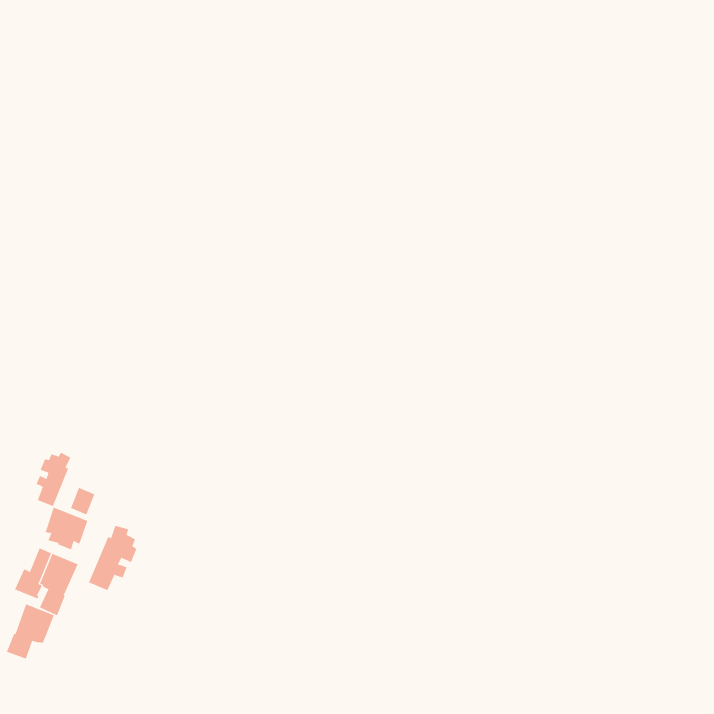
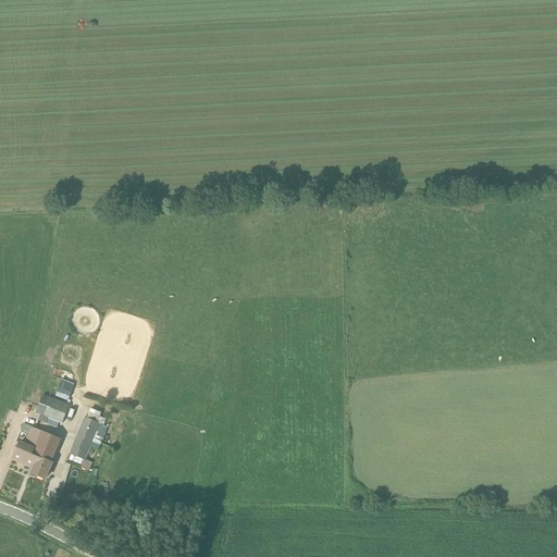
building: [36,452,71,507] -> none
building: [6,603,55,659] -> none

